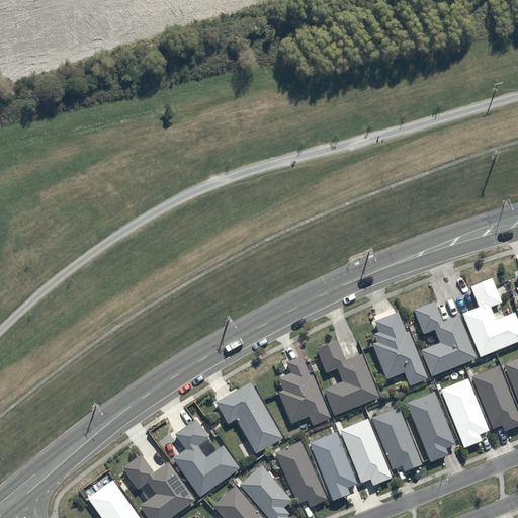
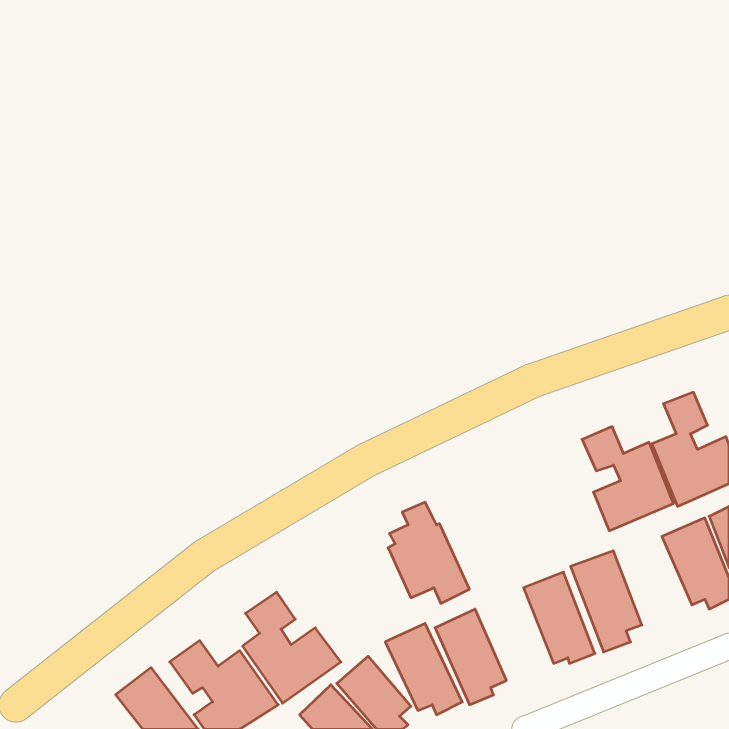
building: [370,313,429,385] -> none
building: [315,339,379,415] -> none
building: [439,377,491,449] -> none
building: [214,380,284,454] -> none
building: [339,416,393,485] -> none

